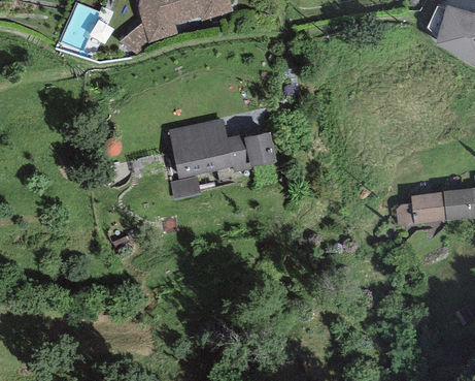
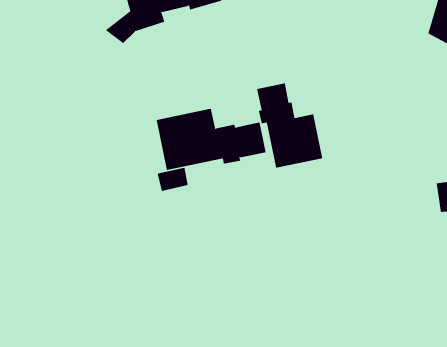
building: none -> [257,83,323,168]
building: [396,191,447,225] -> none

